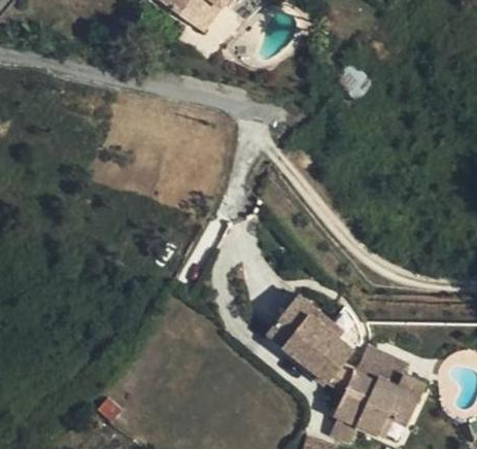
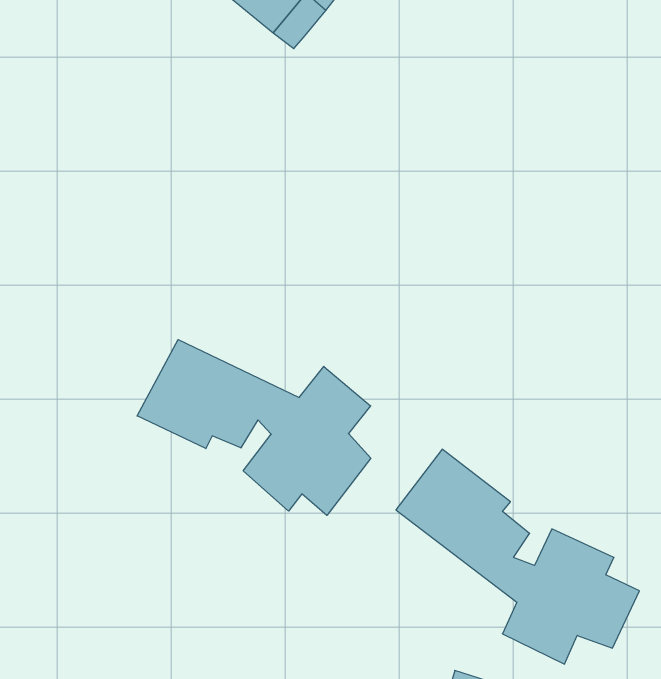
building: none -> [137,340,371,515]

